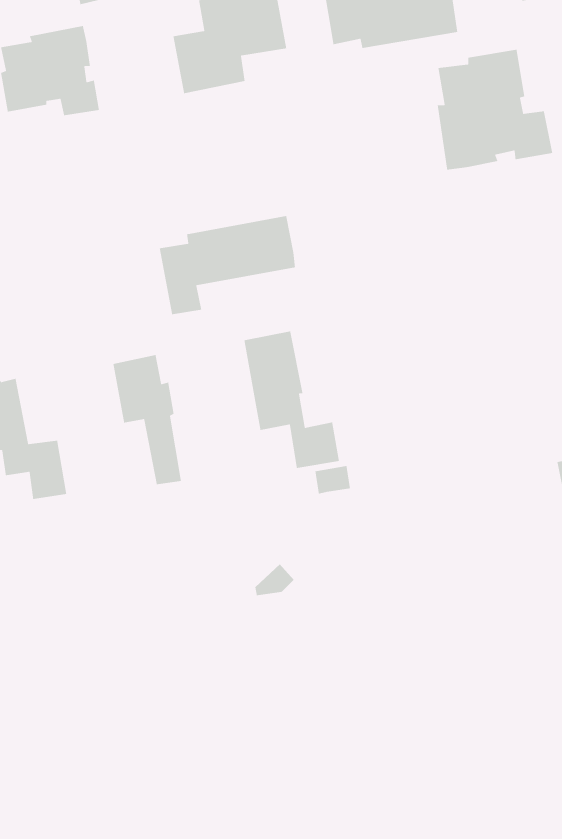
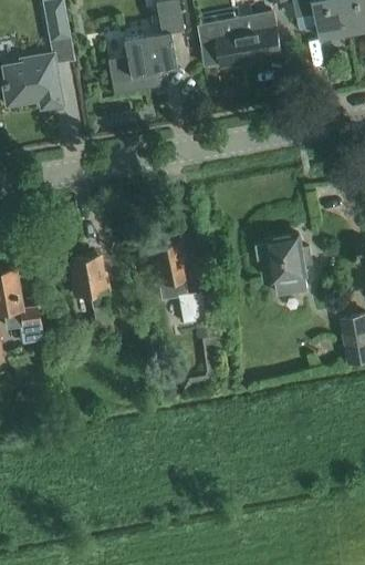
building: [437,49,553,170] -> none
building: [159,215,296,315] -> none
building: none -> [257,234,312,296]

